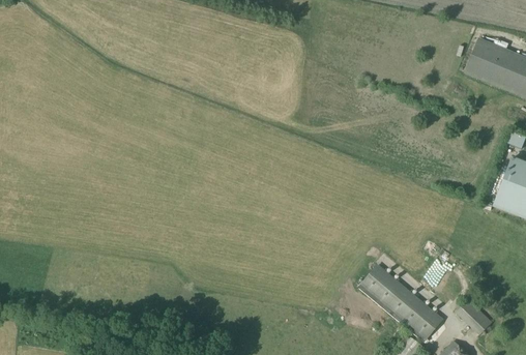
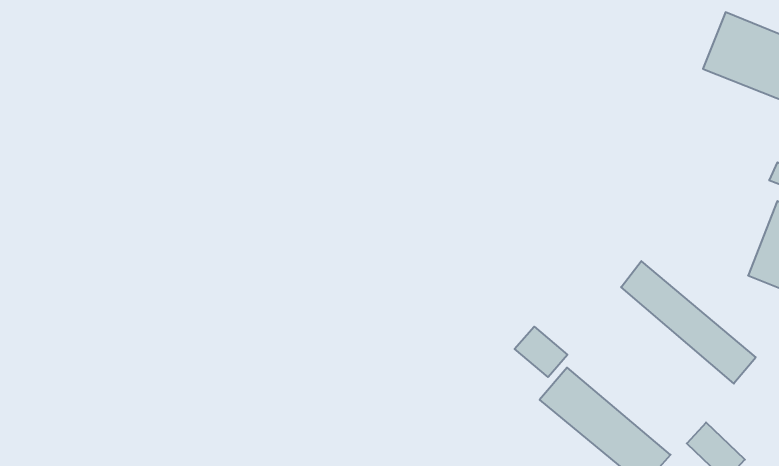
building: none -> [621,261,756,384]
building: none -> [515,327,567,377]

